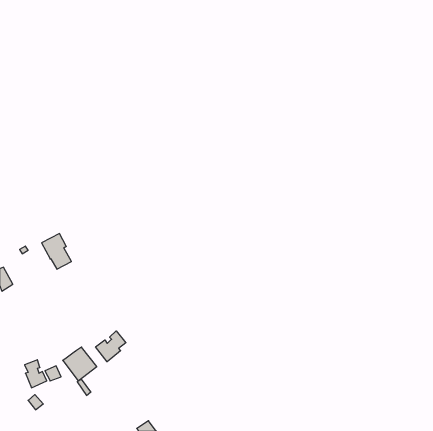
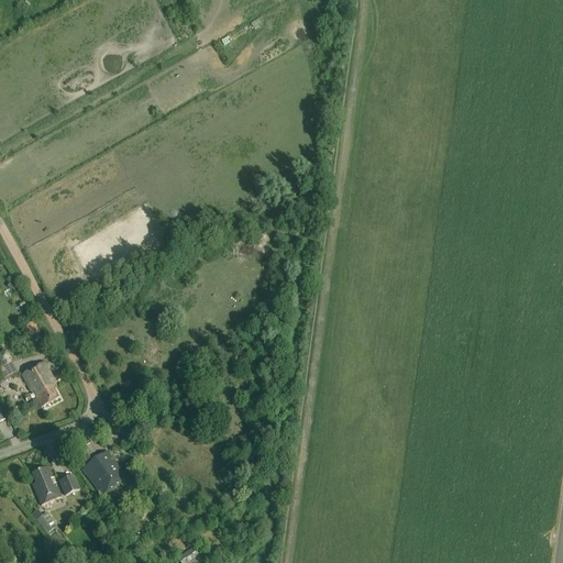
building: [42,234,71,269] -> [21,361,59,407]
building: [96,331,126,362] -> none

